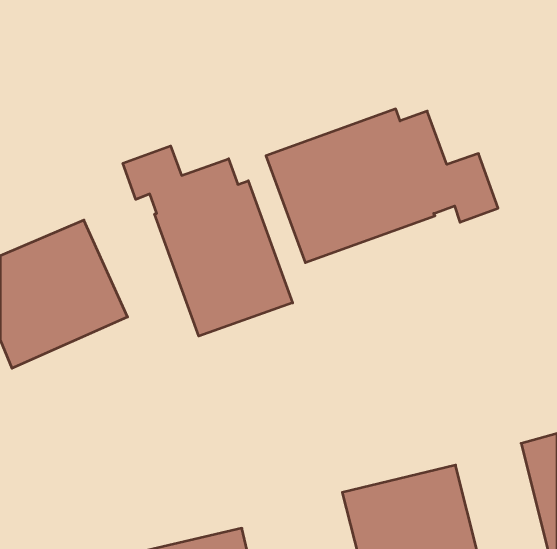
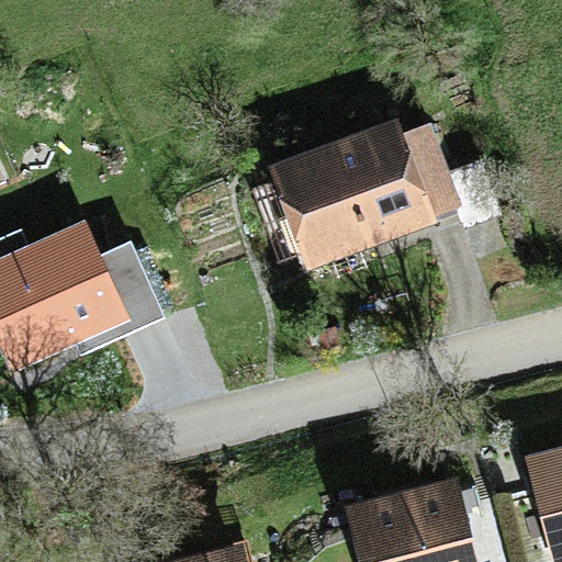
building: [123,146,293,336] -> none

